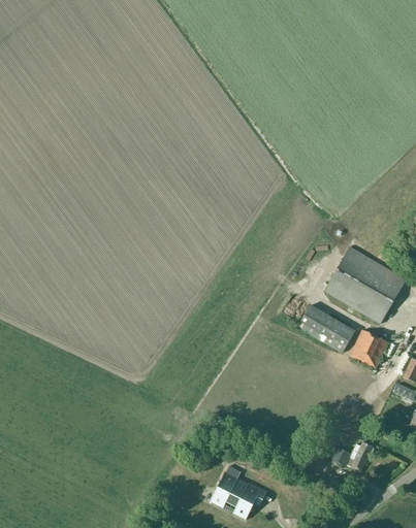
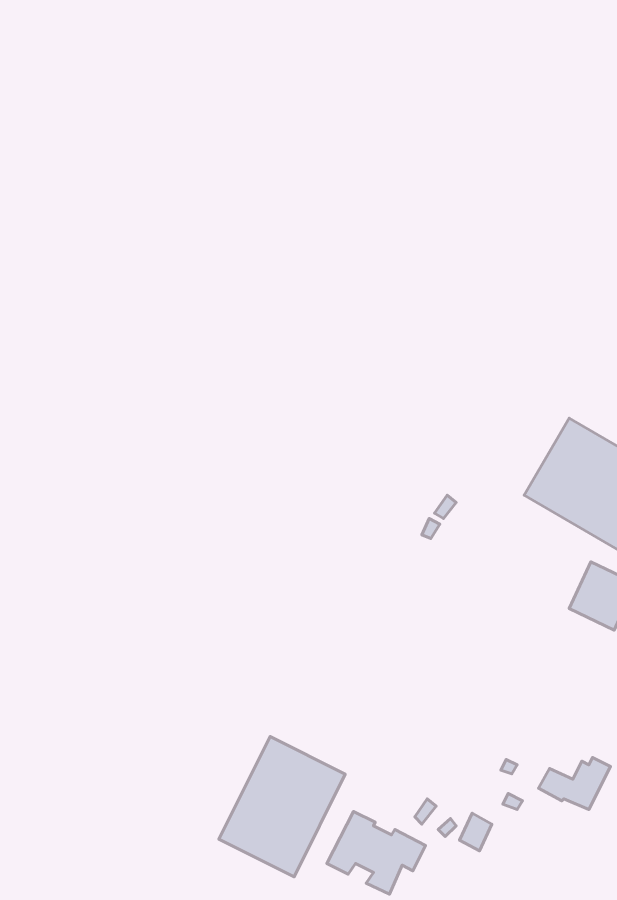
building: [297,304,355,353] -> none
building: none -> [219,737,345,877]

